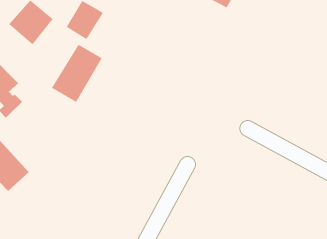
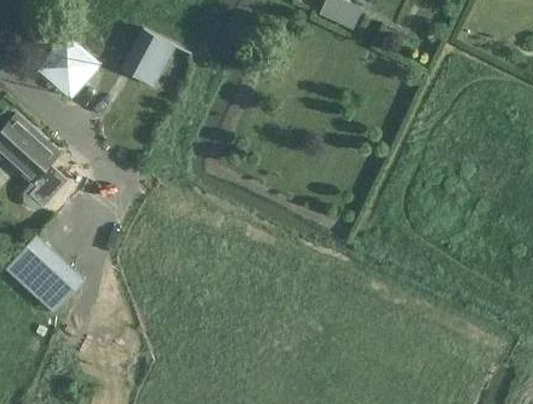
building: [51,44,103,103] -> none

